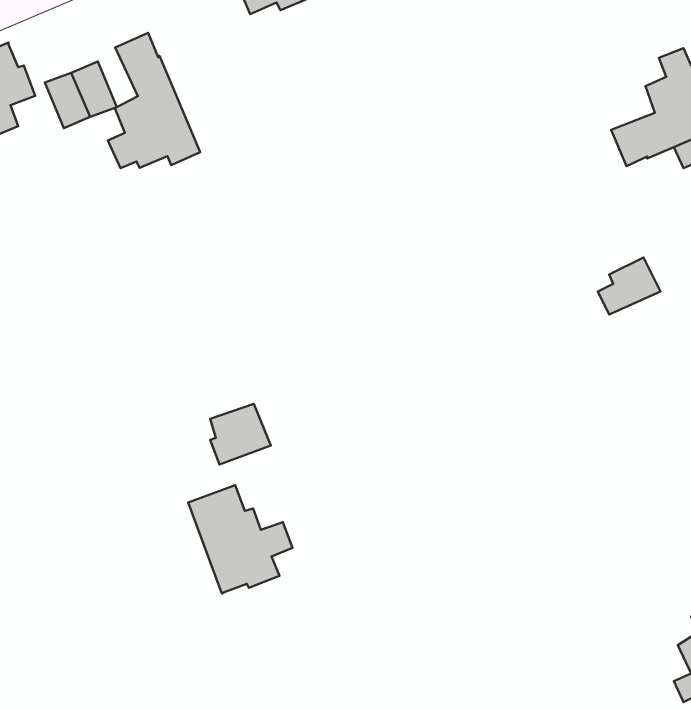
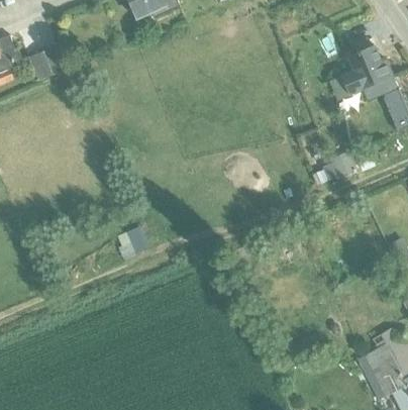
building: [108,33,200,168] -> none
building: [188,485,292,594] -> none

